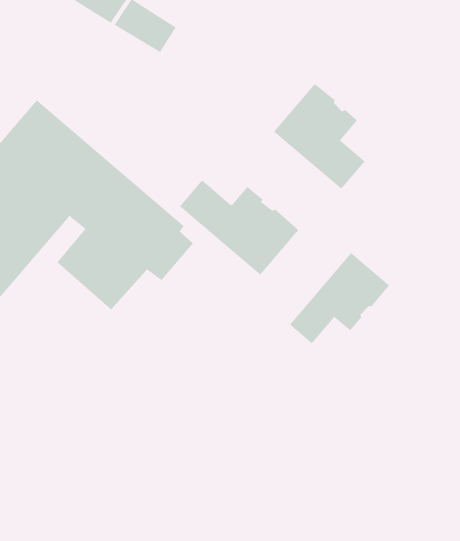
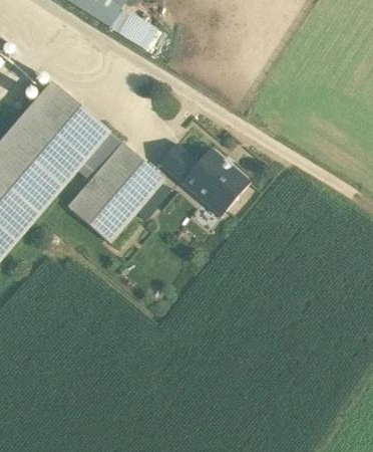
building: [273,83,365,190] -> none
building: [289,252,390,344] -> none

